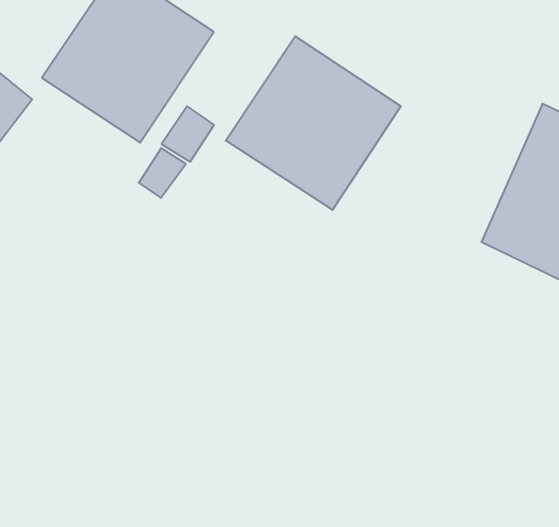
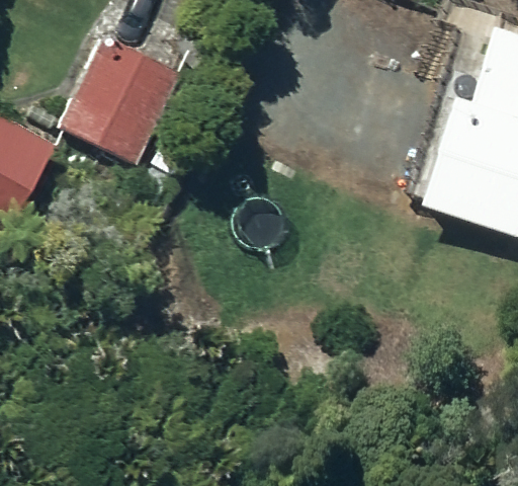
building: [226,36,401,210] -> none

